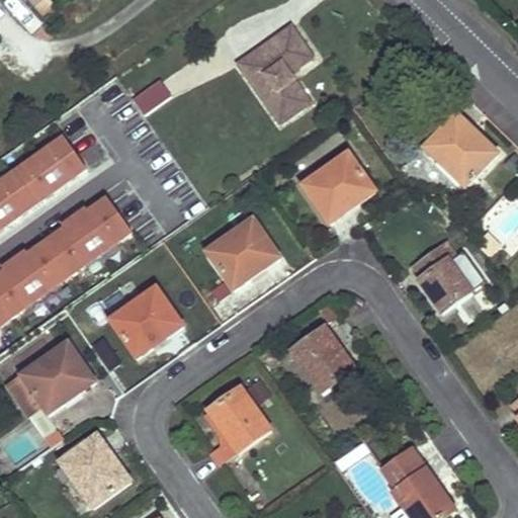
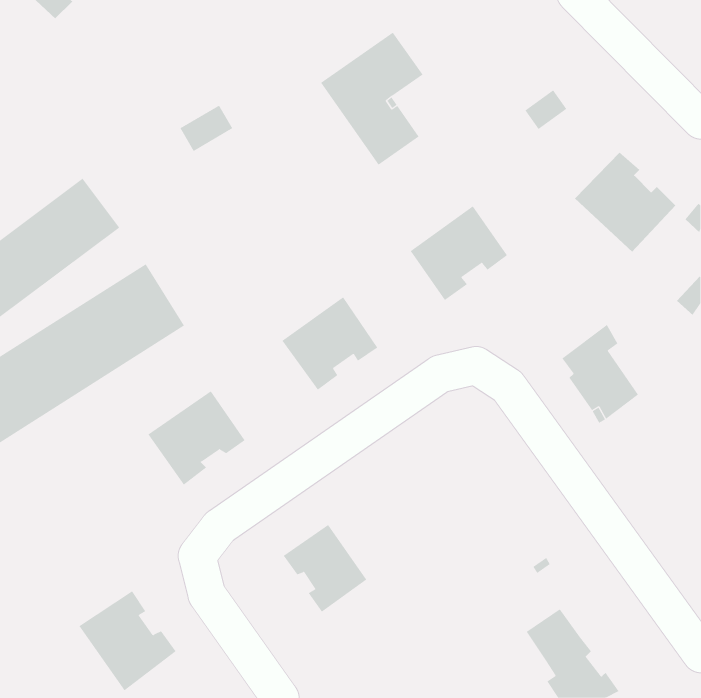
building: [292,324,355,390] -> none
building: [5,342,92,414] -> none

